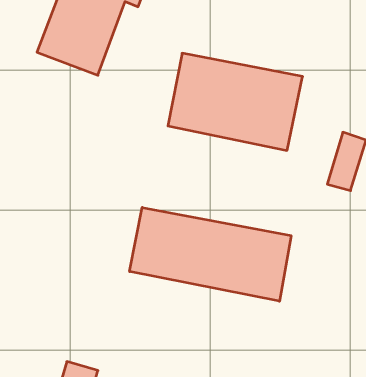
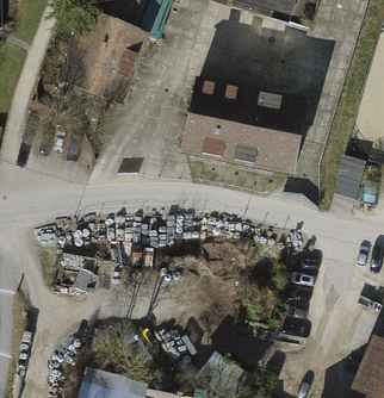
building: [130,207,291,301] -> none

